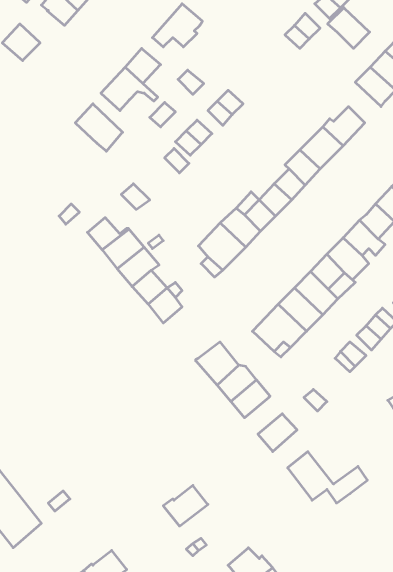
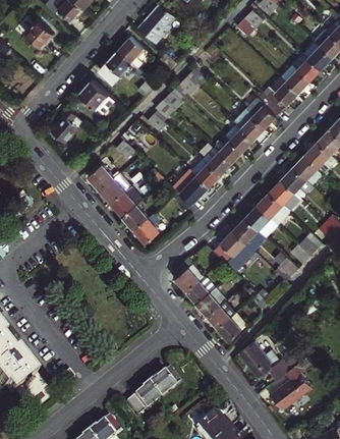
building: [328,8,370,48] -> [277,63,308,94]
building: none -> [50,108,82,144]
building: none -> [206,300,234,328]
building: none -> [270,355,313,409]
building: none -> [125,382,157,415]

